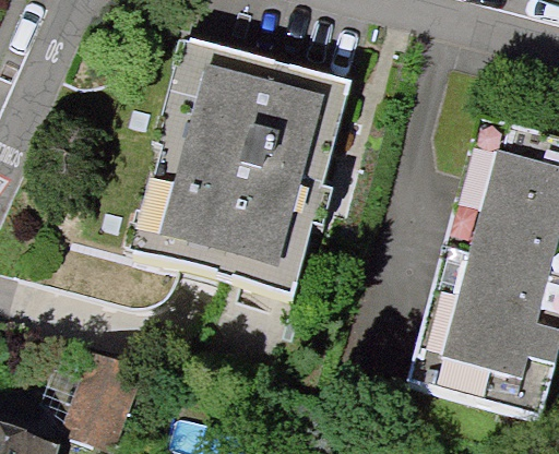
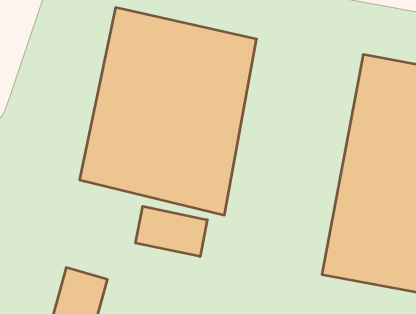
building: none -> [136,206,207,257]

